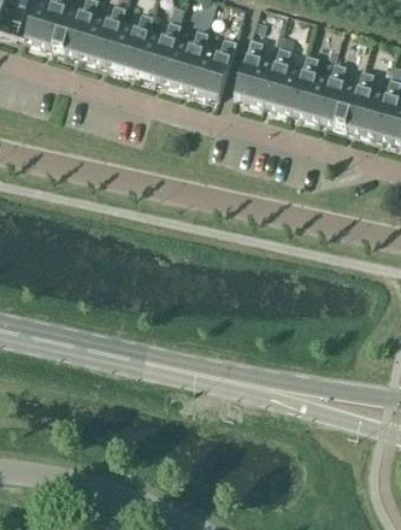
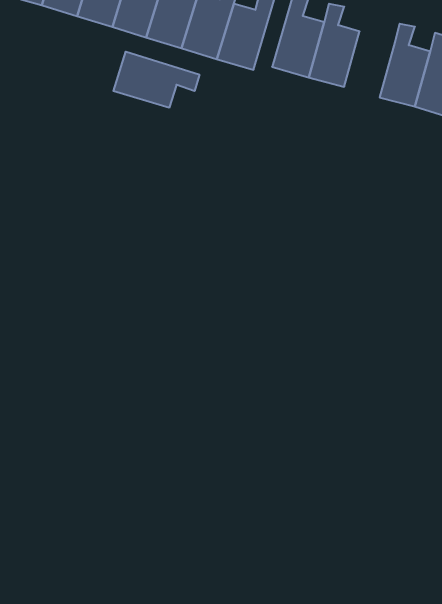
building: [290,52,330,118] -> none
building: none -> [113,52,199,108]

